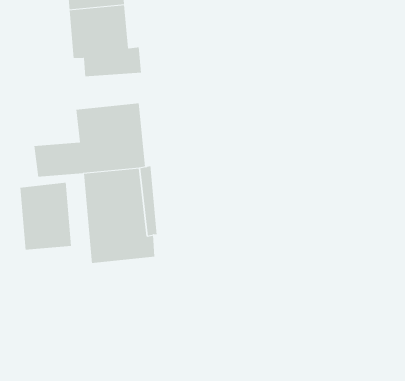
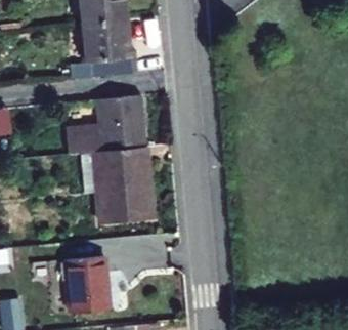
building: [20,182,72,250] -> [66,254,106,307]

